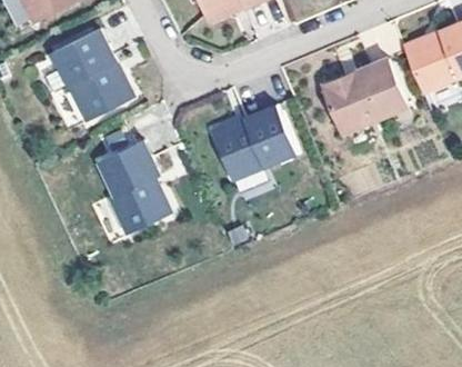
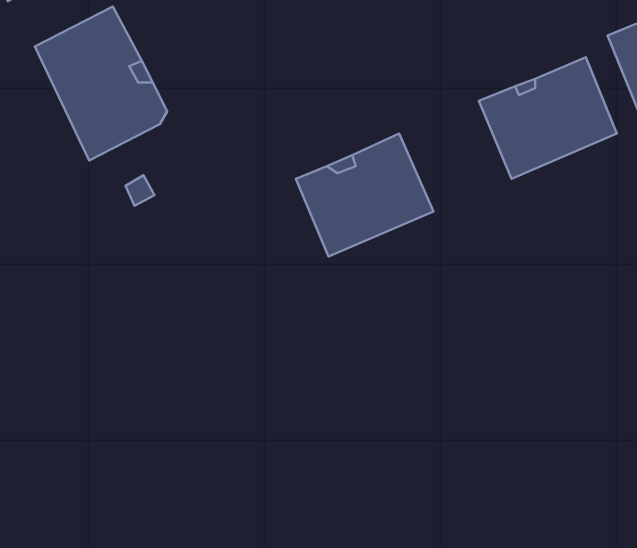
building: [99,140,171,234] -> none

